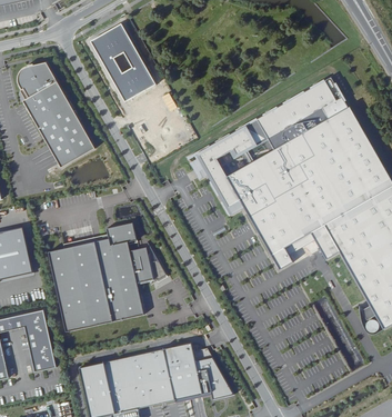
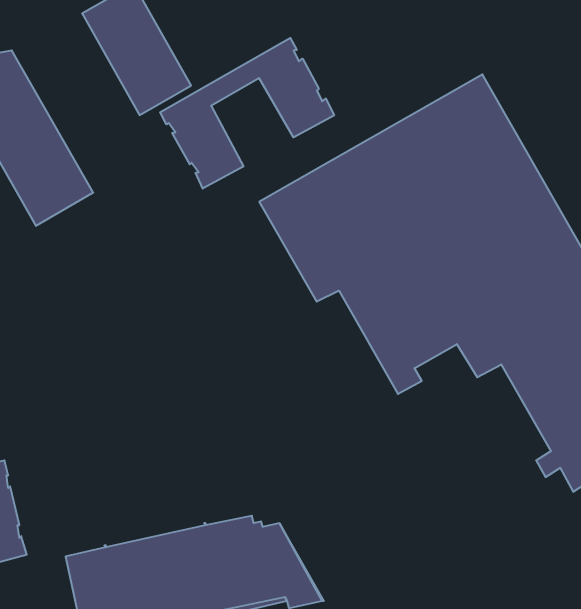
building: none -> [160,38,334,189]
building: [49,222,170,332] -> none

